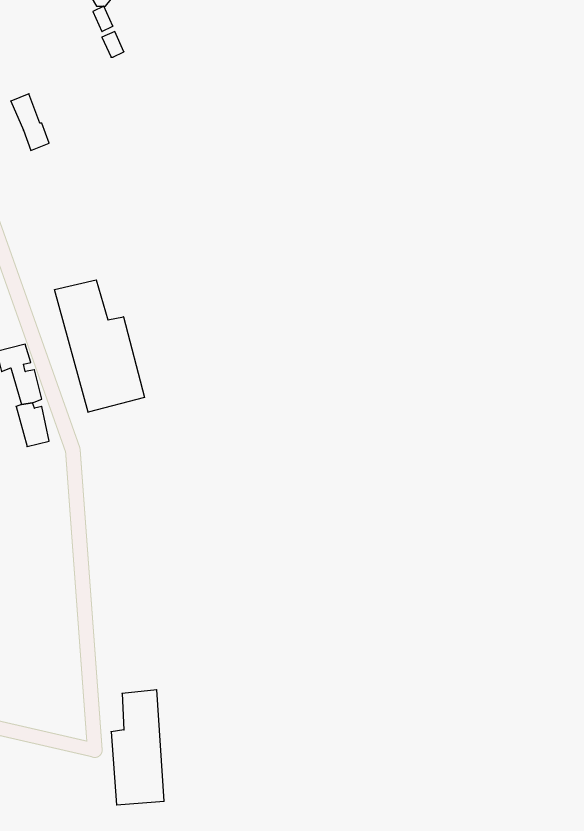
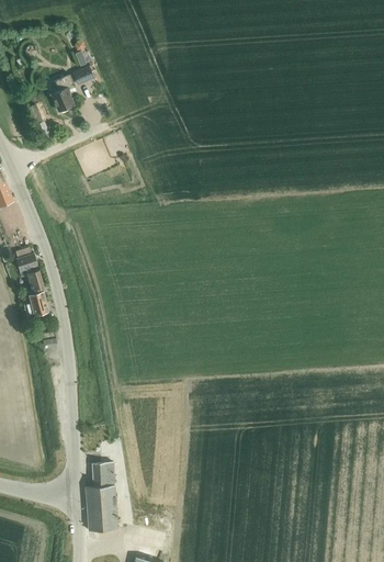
building: none -> [49,74,75,113]
building: [55,280,145,412] -> none

